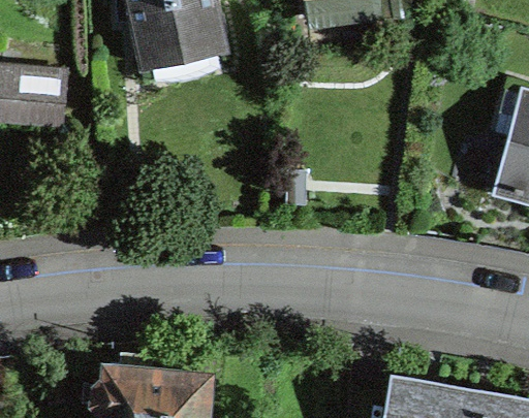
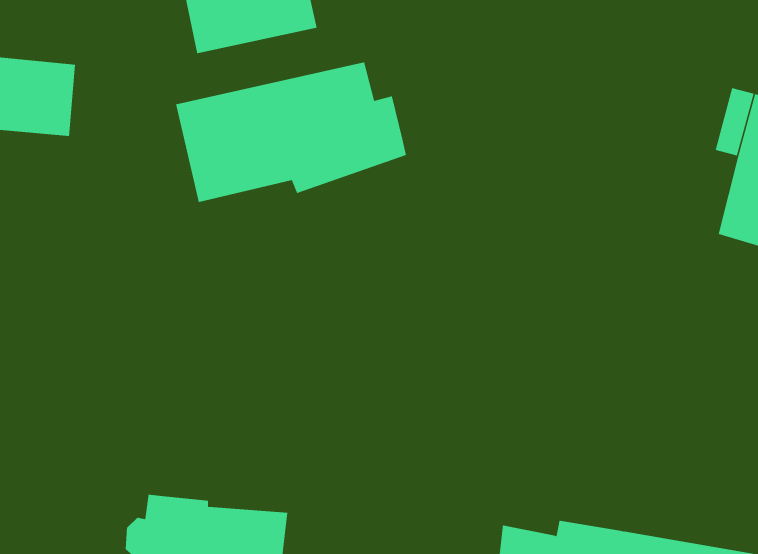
building: none -> [175,62,406,203]

